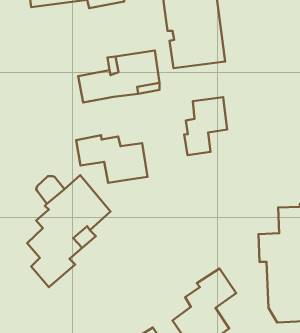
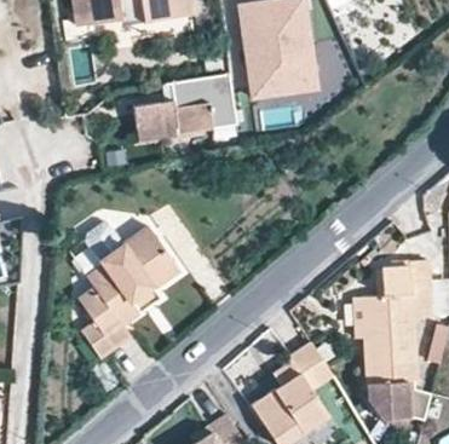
building: [184,97,227,155] -> none
building: [76,135,148,183] -> none

